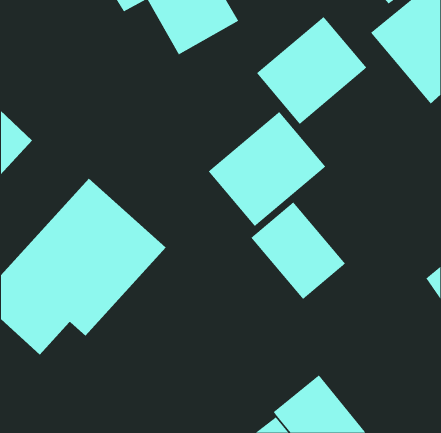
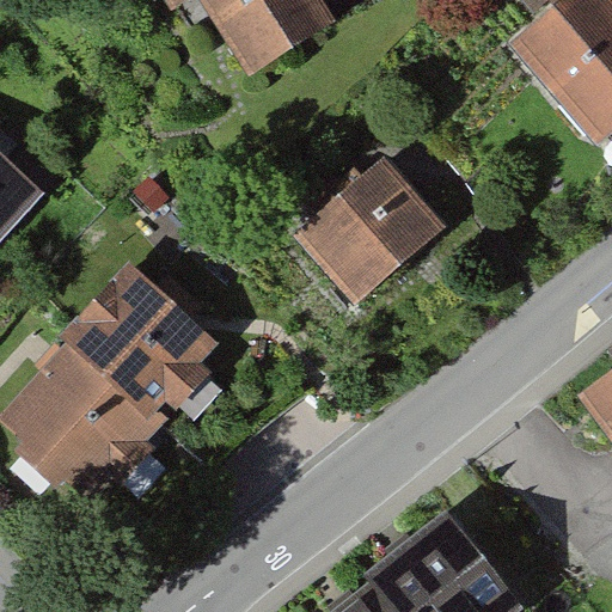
building: [256,16,367,125] -> none
building: [250,201,346,300] -> none

